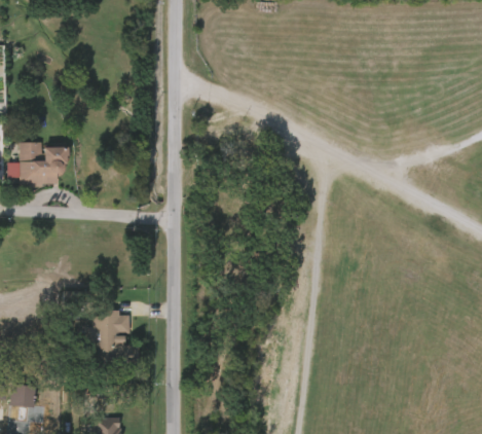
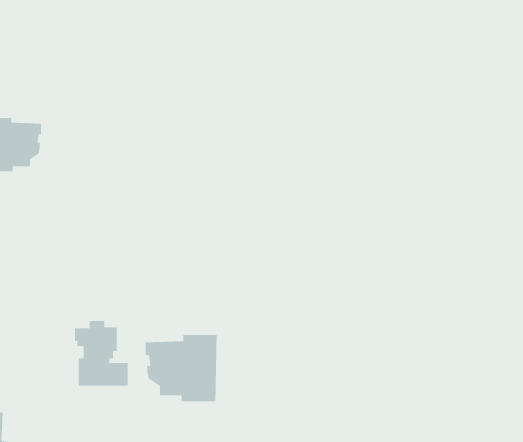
building: none -> [145,334,217,402]

